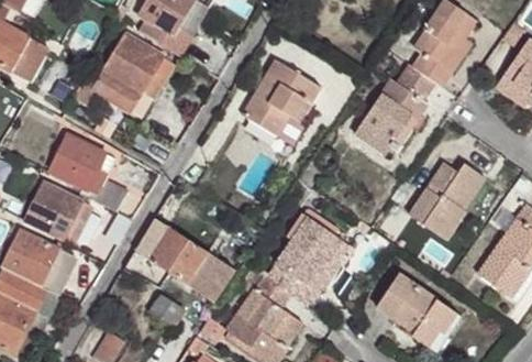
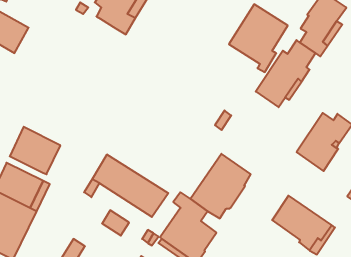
building: [73,34,174,118] -> none
building: [241,59,320,151] -> [229,4,288,72]
building: [47,133,128,210] -> none

